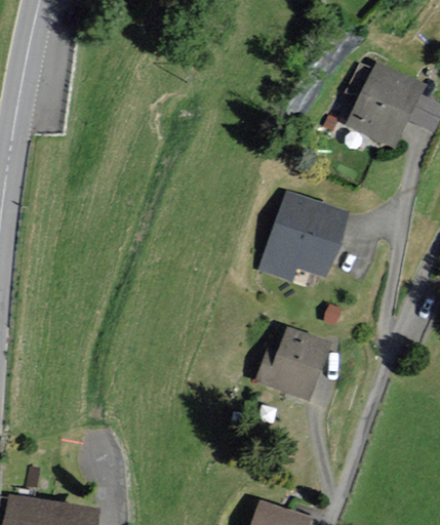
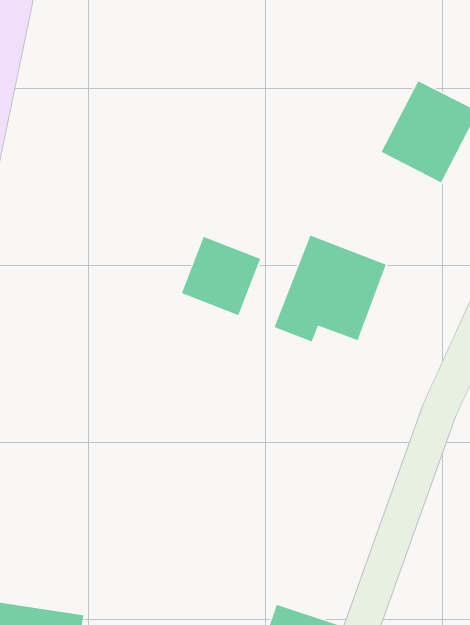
building: none -> [181,236,261,316]
building: [252,324,329,402] -> none

